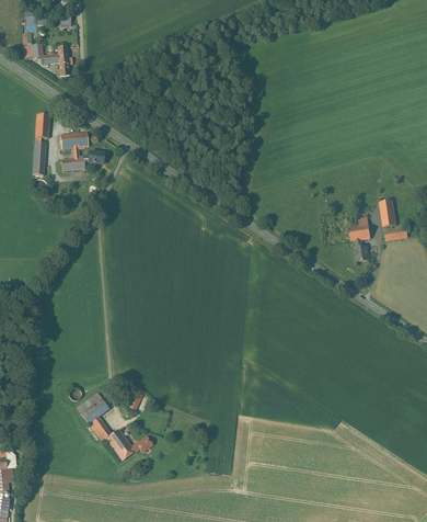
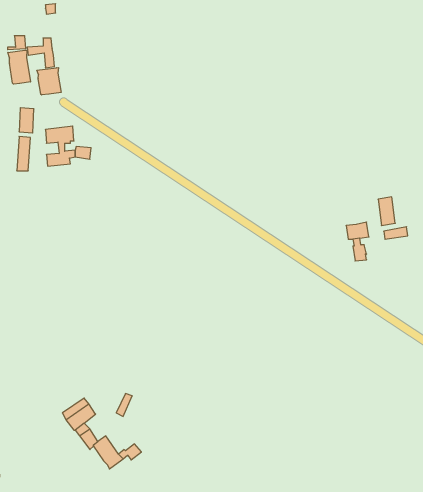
building: none -> [8,50,30,84]
building: none -> [37,68,61,95]

